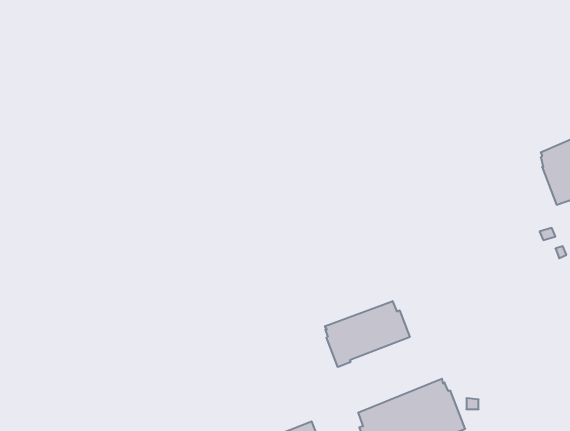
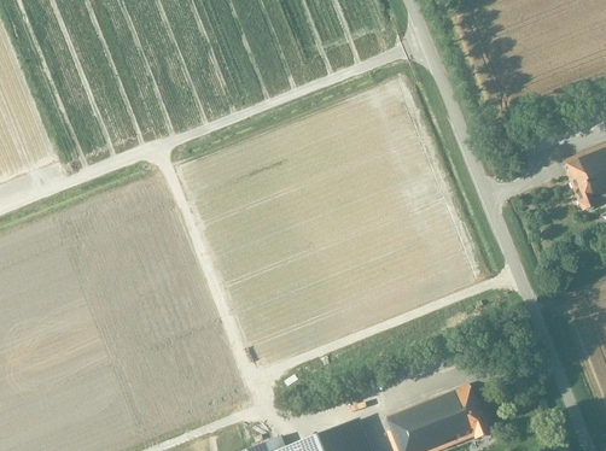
building: [325,301,410,367] -> none

